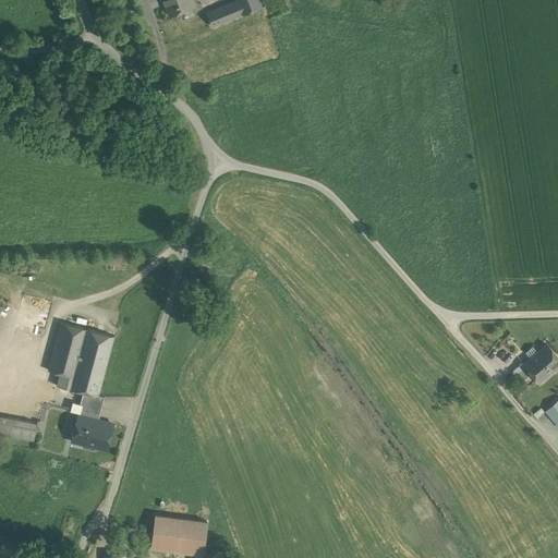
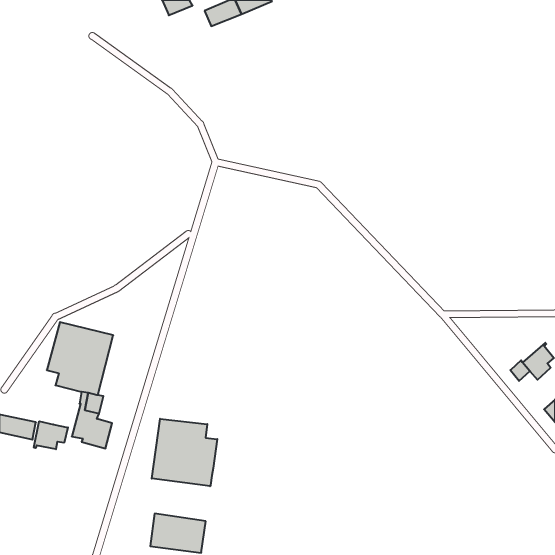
building: none -> [152,419,217,486]
building: none -> [34,421,68,449]

